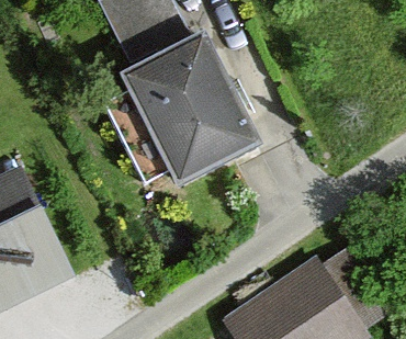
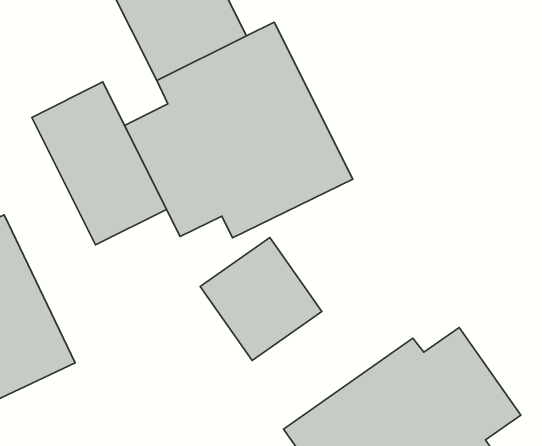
building: none -> [32,82,167,245]
building: none -> [200,237,322,360]

